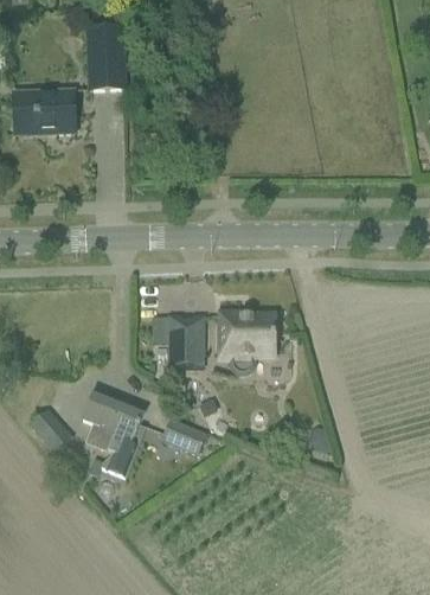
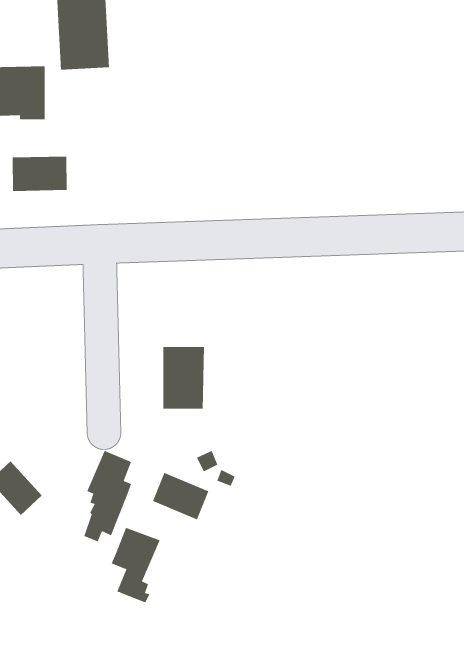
building: none -> [12,156,67,192]
building: [219,311,276,371] -> none
building: [82,389,122,450] -> [111,527,160,603]

